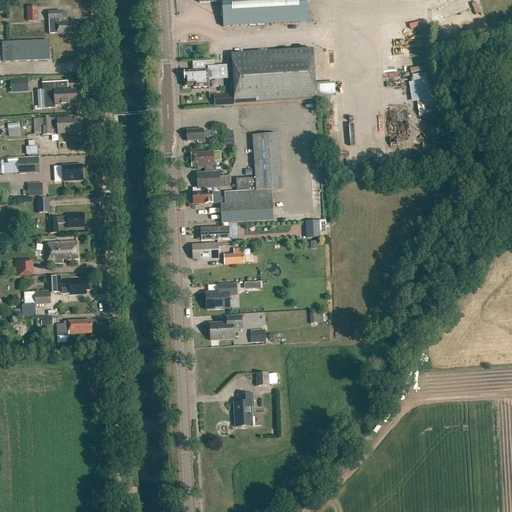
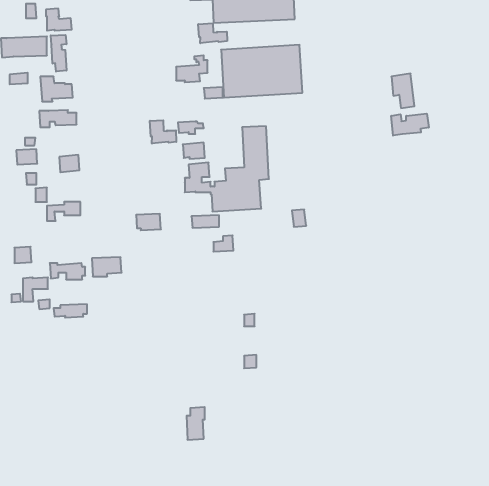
building: none -> [198,23,227,43]
building: none -> [51,35,66,72]
building: none -> [391,114,429,136]
building: none -> [150,120,176,144]
building: [47,240,78,260] -> [92,257,122,276]
building: [192,242,218,259] -> [136,214,161,230]
building: [205,282,236,307] -> none
building: [209,314,242,338] -> none
building: [234,391,253,425] -> [187,407,205,440]

